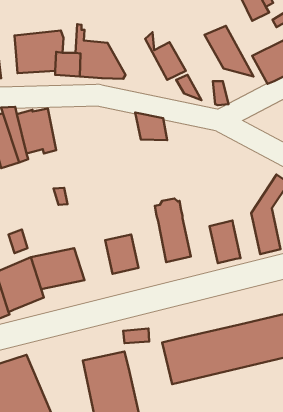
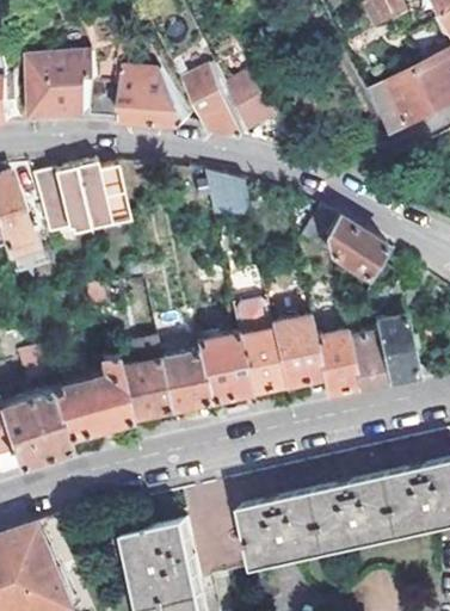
building: [205,26,254,77] -> [177,66,248,140]
building: none -> [73,162,127,228]
building: none -> [297,208,381,274]
building: none -> [270,316,318,383]
building: none -> [344,331,383,385]
building: none -> [193,332,246,400]
building: none -> [106,353,167,418]

